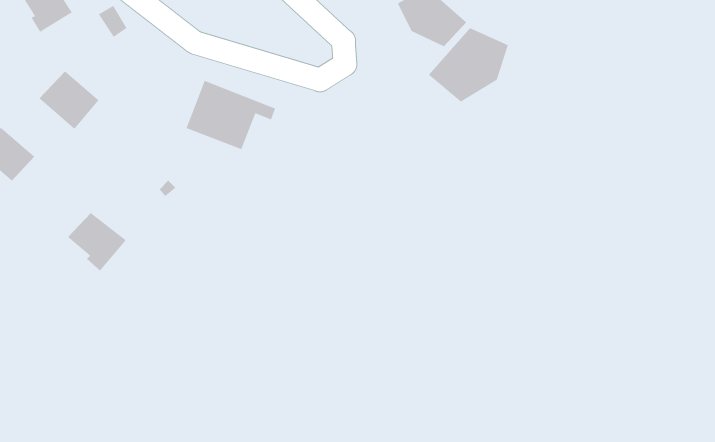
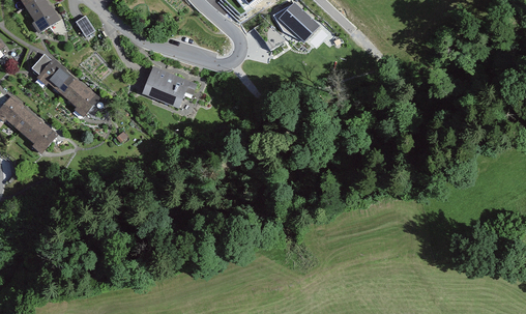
building: [428,27,509,102] -> none
building: none -> [62,78,103,118]
building: [67,212,127,271] -> [21,115,60,154]

